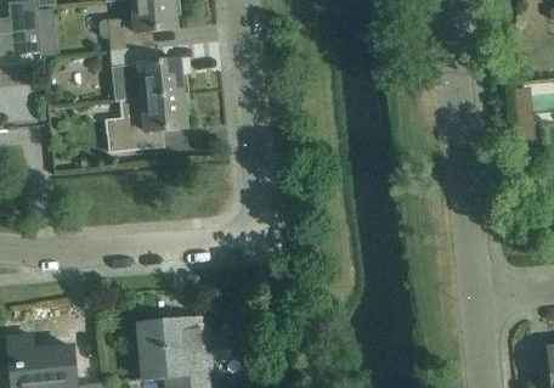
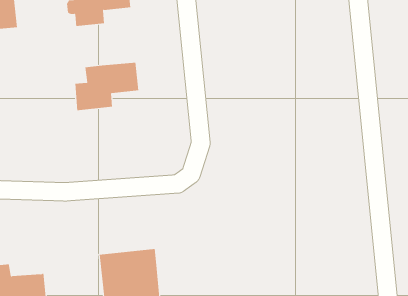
building: [111,46,183,96] -> none

